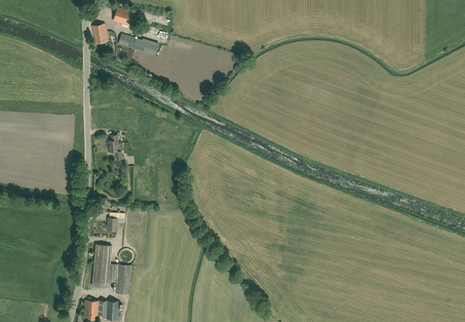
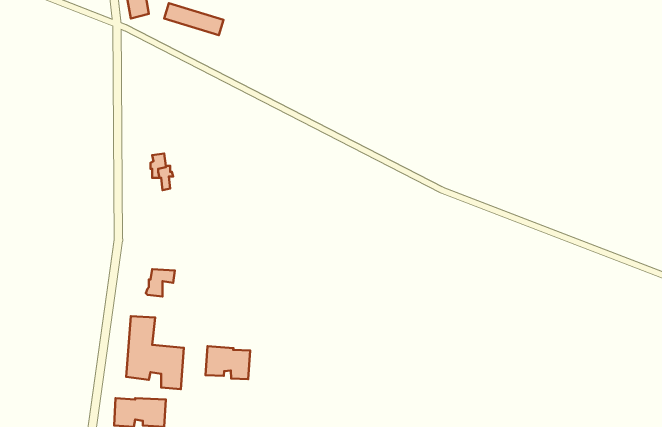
building: none -> [206,346,250,379]

